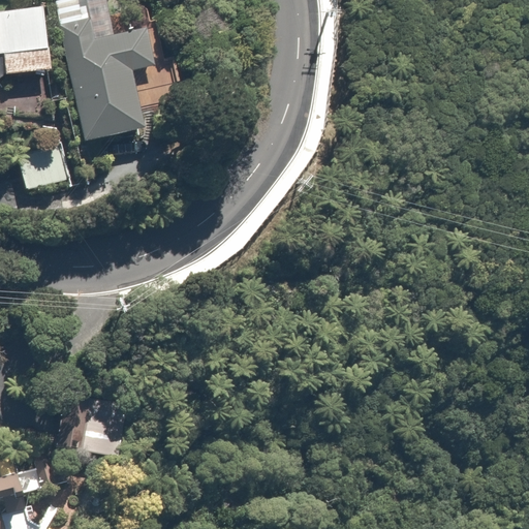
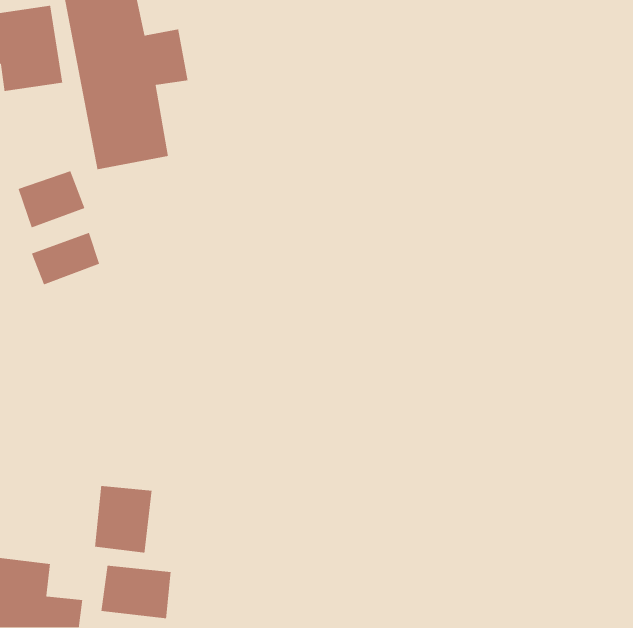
building: none -> [31,232,100,285]
building: none -> [100,565,171,619]

